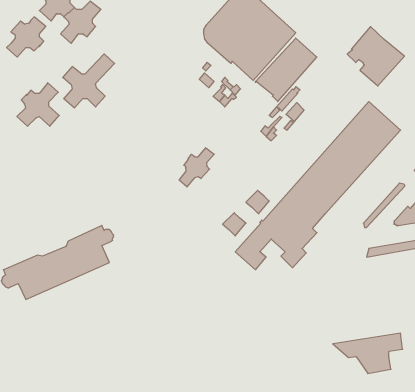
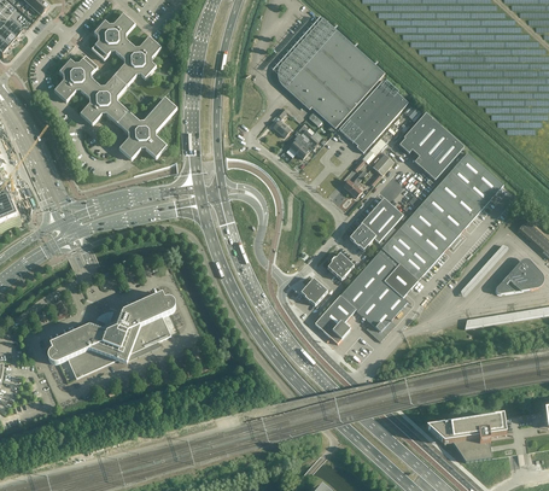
building: [347,27,404,86] -> [398,111,463,179]
building: [17,83,59,126] -> [80,74,128,123]
building: none -> [349,197,402,249]
building: [179,148,214,187] -> none

